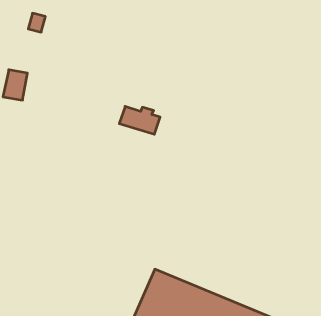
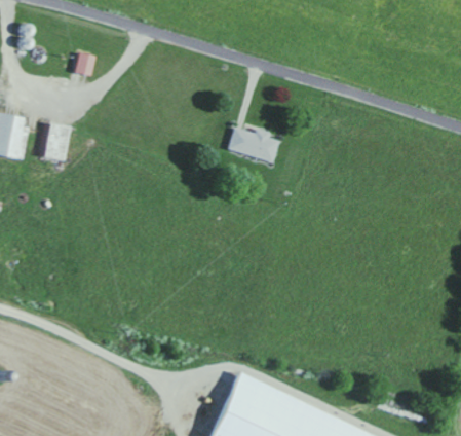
building: [119,106,160,134] -> [227,128,278,162]

